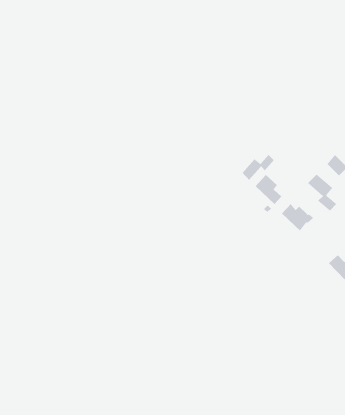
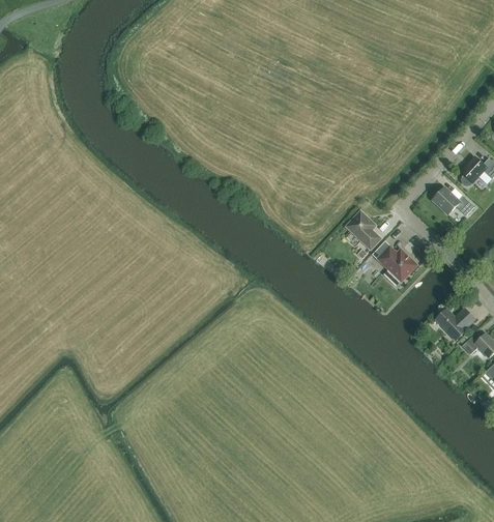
building: [241,154,275,181] -> none
building: [307,173,337,212] -> none

